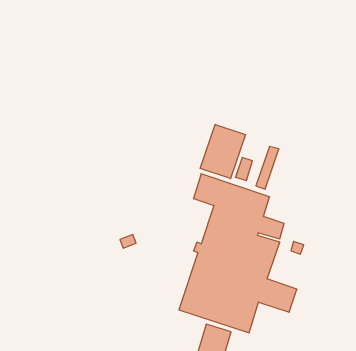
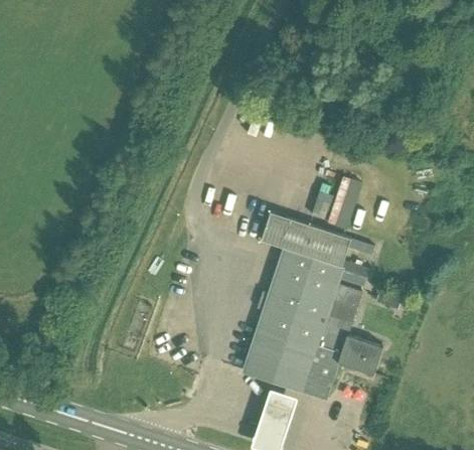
building: [200,124,246,179] -> none

